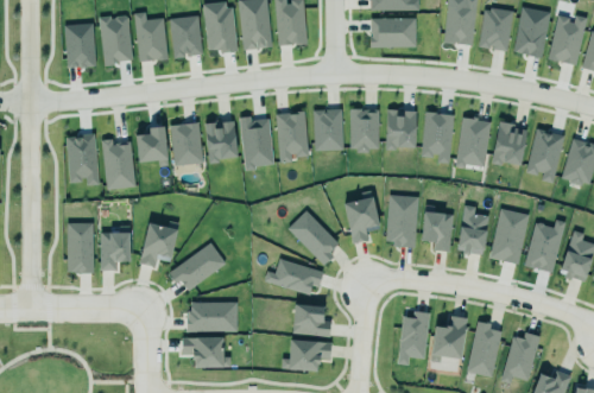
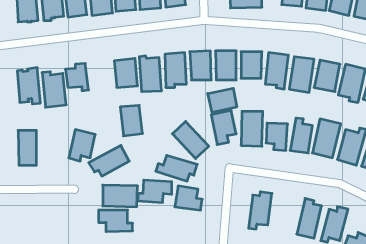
building: [170,122,202,166] -> [120,105,143,136]
building: none -> [208,88,237,112]
building: [100,226,131,271] -> none
building: [431,316,466,362] -> none
building: [282,340,330,372] -> [138,180,172,202]

